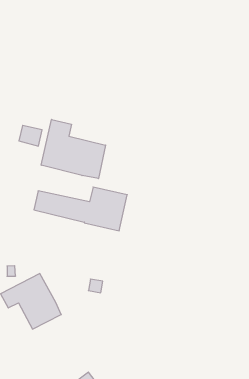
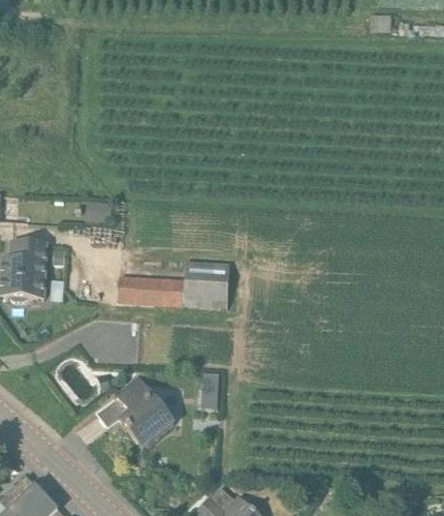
building: [41,119,106,179] -> none

